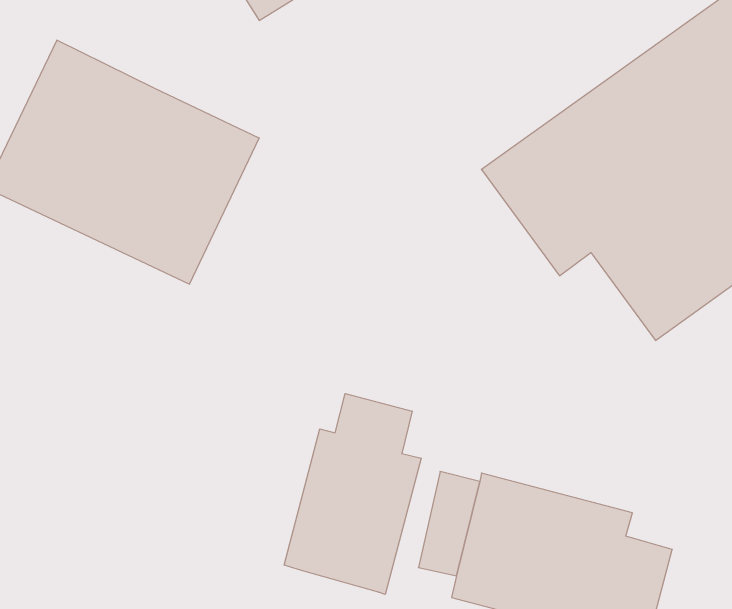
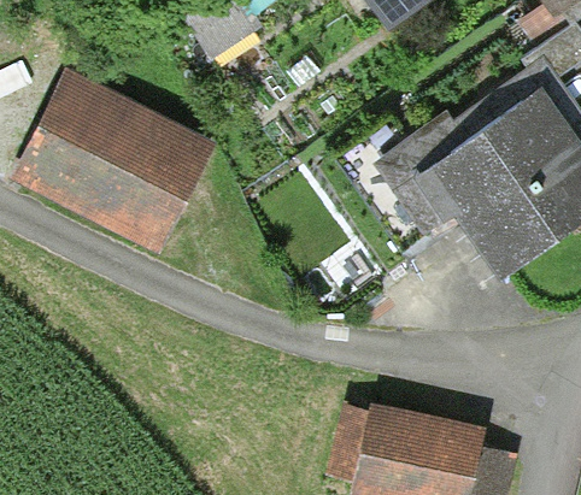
building: [284,394,421,594] -> none

